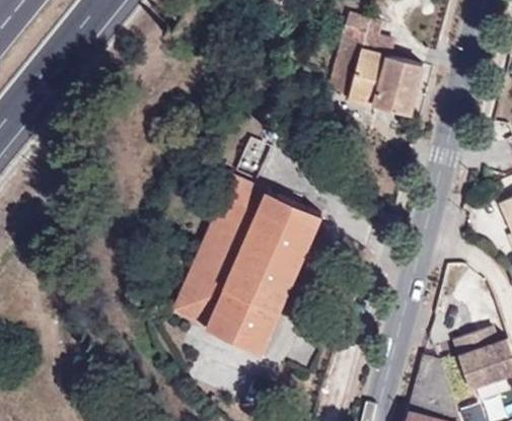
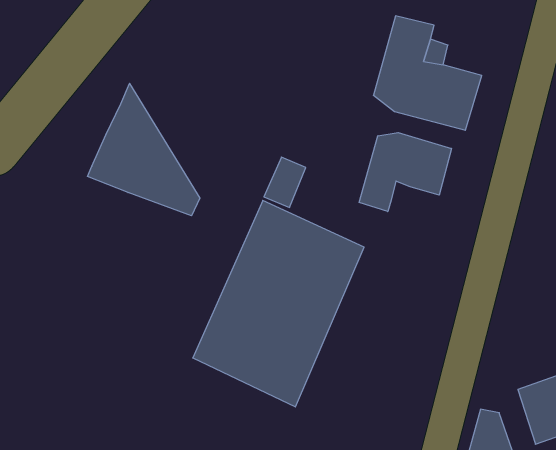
building: none -> [87,83,200,216]
building: none -> [359,133,451,212]

